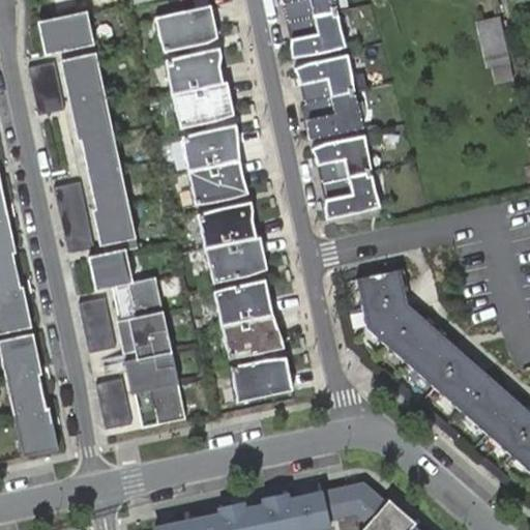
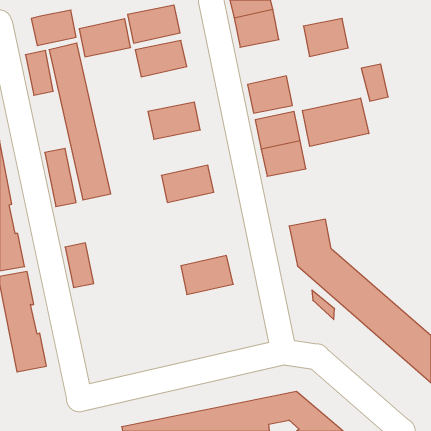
building: [477,20,510,65] -> [361,64,388,101]
building: [296,57,351,104] -> [303,18,348,56]
building: [173,82,236,128] -> [79,19,131,57]
building: none -> [303,98,369,146]
building: [188,159,253,206] -> none
building: [205,236,269,284] -> none
building: [89,251,186,429] -> none
building: [214,281,277,326] -> none
building: [230,357,295,406] -> none
building: [97,379,131,430] -> none

